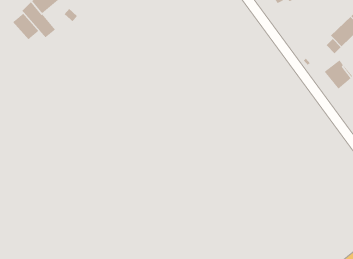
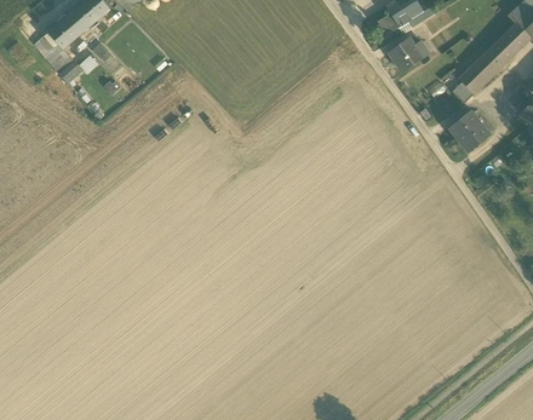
building: none -> [389,39,430,73]
building: [12,13,39,40] -> none

